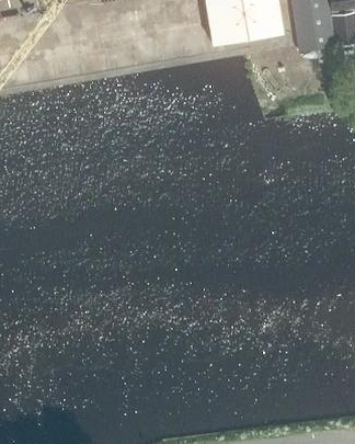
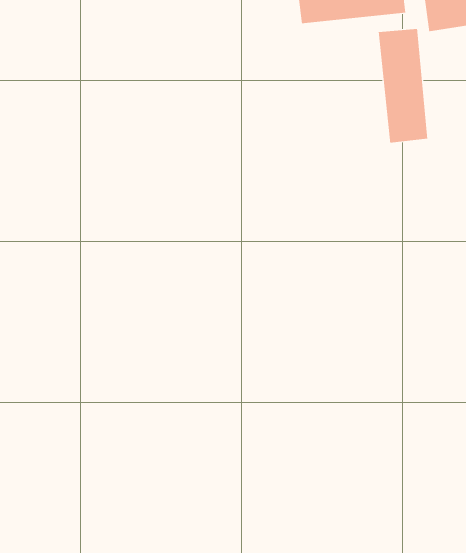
building: none -> [378,28,428,144]

